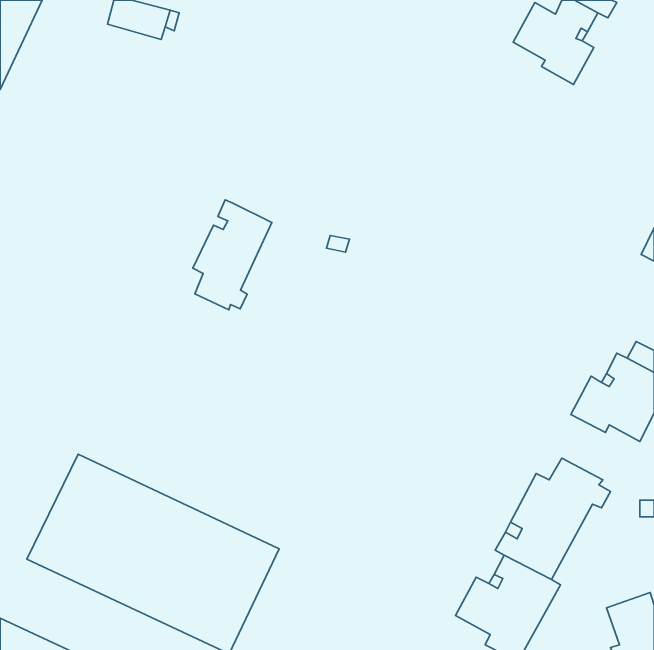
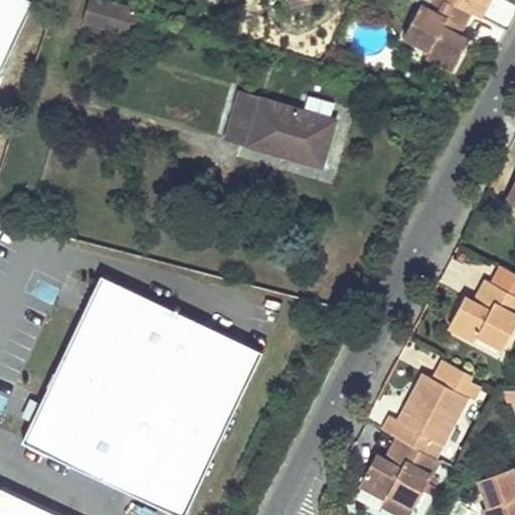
building: none -> [227,96,336,167]
building: [193,200,272,310] -> none
building: none -> [61,277,259,435]

